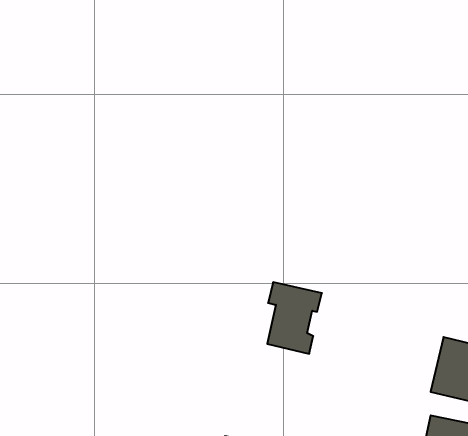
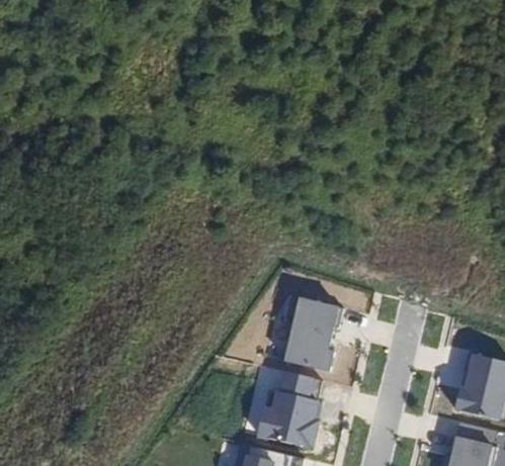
building: none -> [255,373,322,447]

